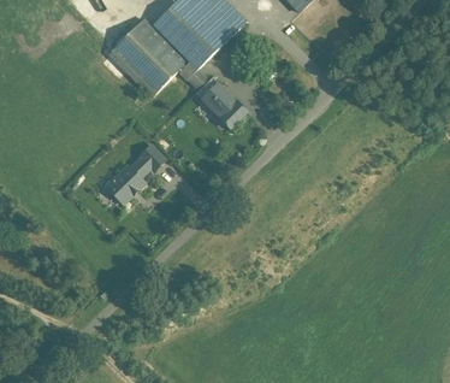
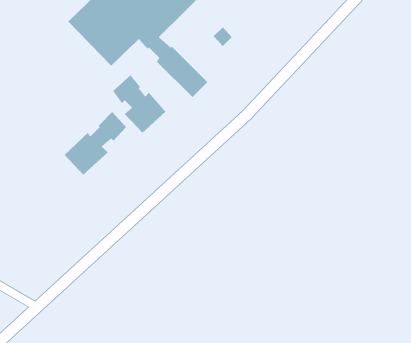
building: none -> [113,74,166,133]

